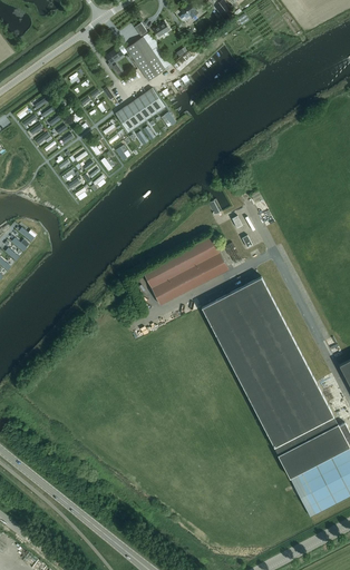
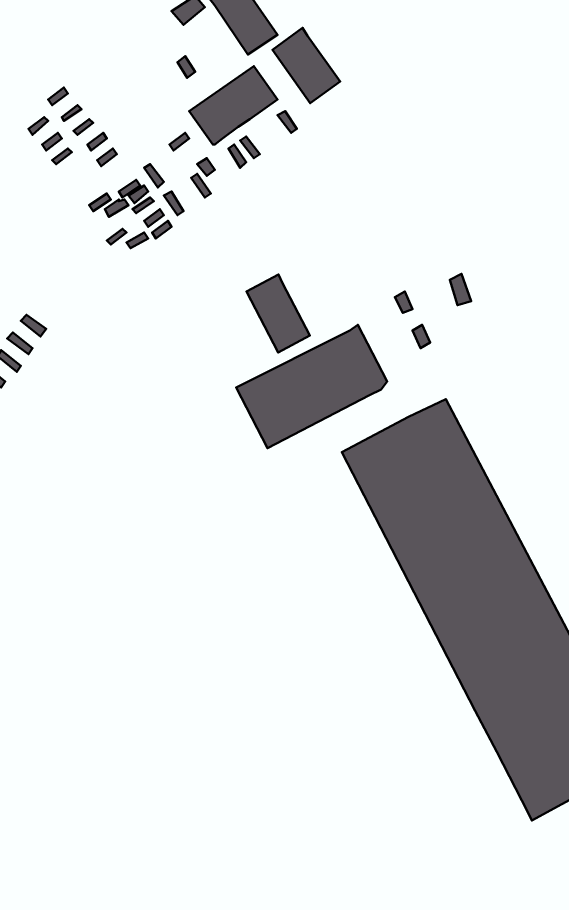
building: none -> [272,28,340,103]
building: none -> [247,274,310,353]

